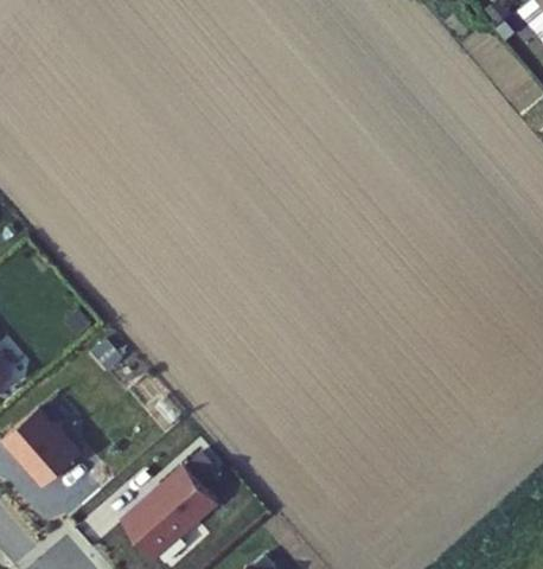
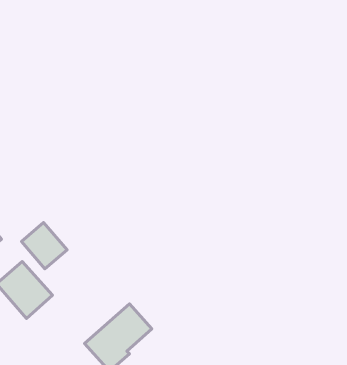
building: none -> [22,222,67,269]

